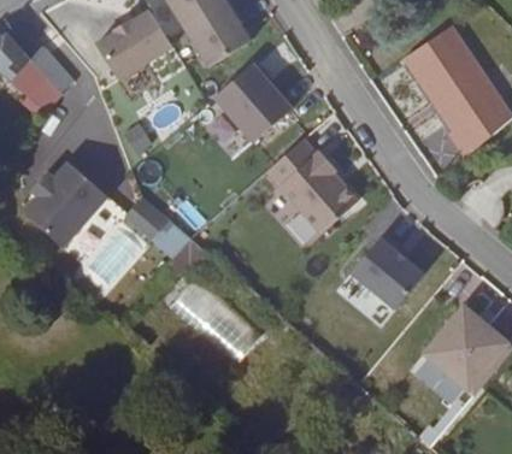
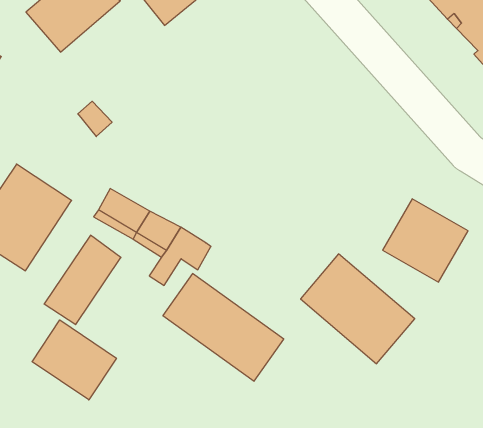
building: [211,64,290,145] -> none
building: [267,140,357,232] -> [301,254,415,364]
building: none -> [32,320,116,400]

